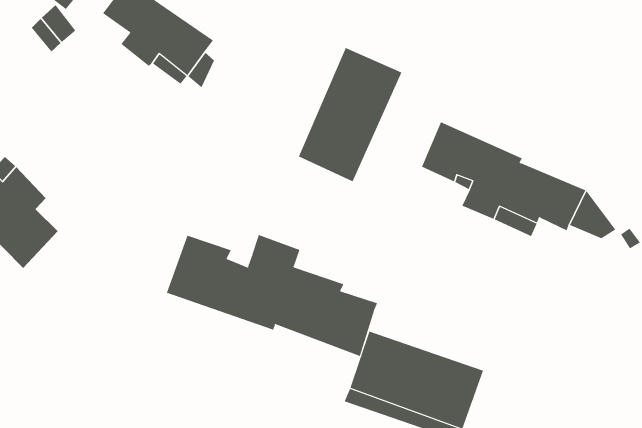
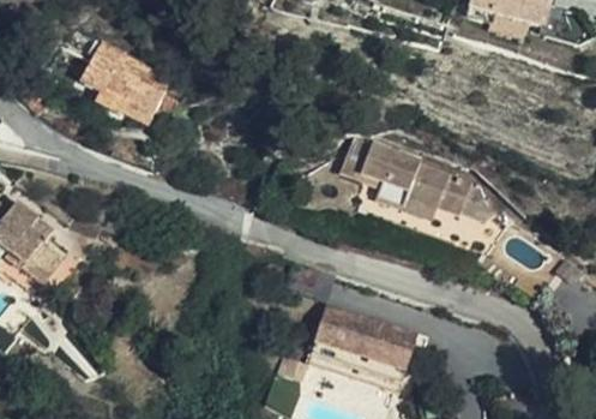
building: [298,47,402,182] -> none
building: [166,234,378,357] -> none

